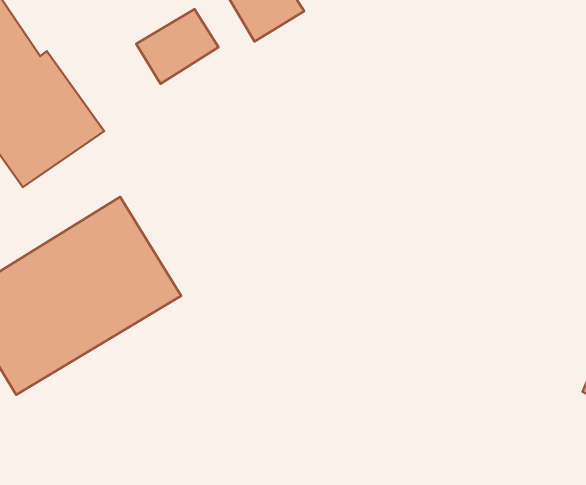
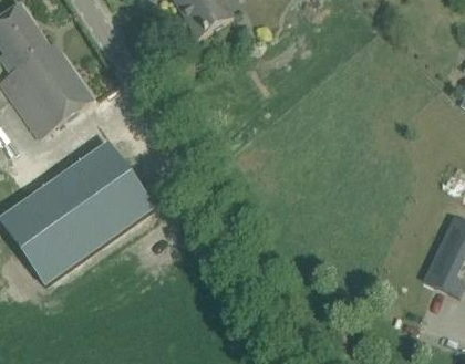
building: [136,9,218,84] -> none

